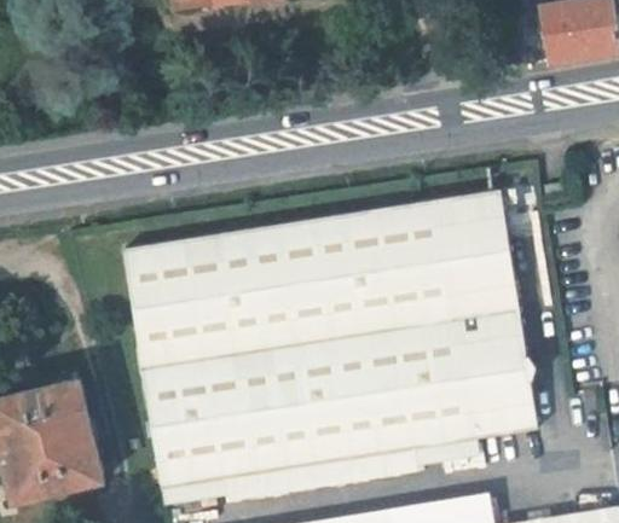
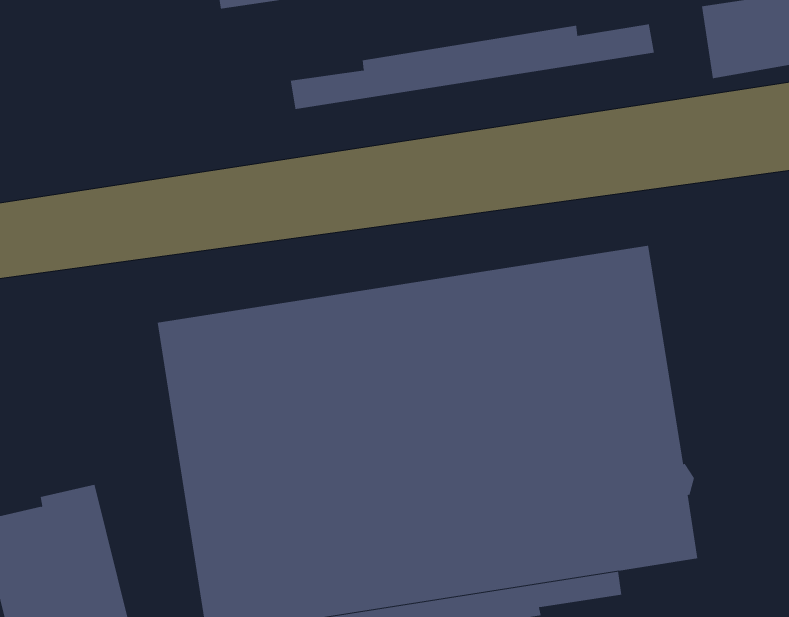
building: none -> [290,23,654,110]

